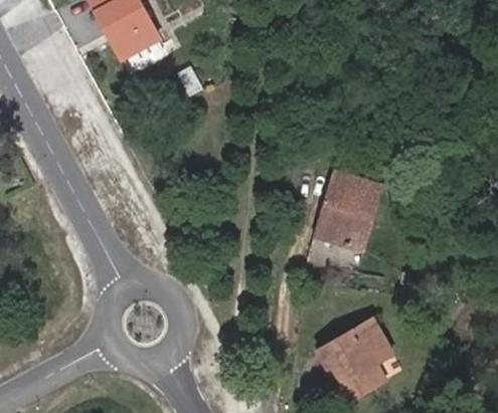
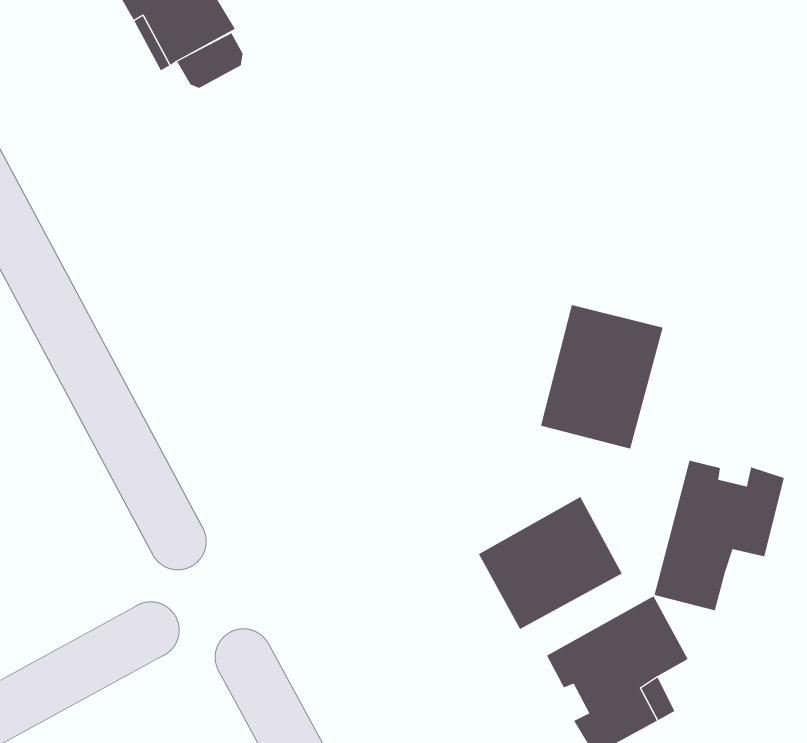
building: none -> [654,460,785,611]
building: none -> [478,496,622,630]

